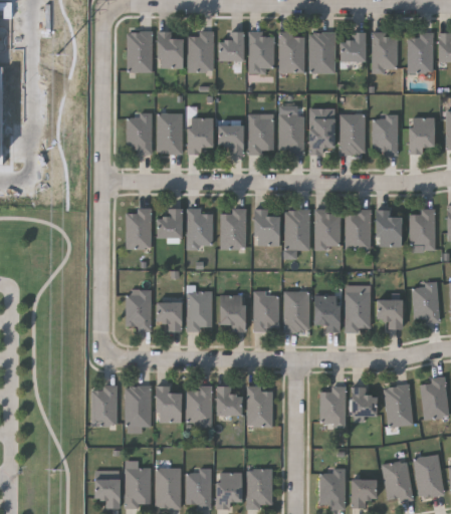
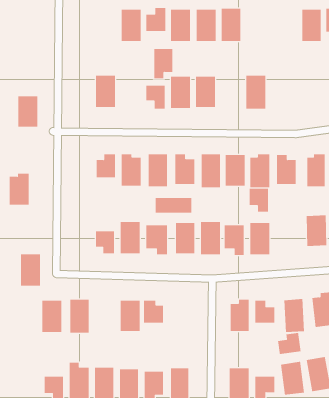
building: [127,31,152,72] -> none
building: [158,31,182,68] -> none
building: [342,33,365,61] -> none
building: [373,33,397,72] -> none
building: [127,113,152,152] -> [17,96,38,127]
building: [373,115,397,155] -> none
building: [188,117,212,155] -> [153,48,173,79]
building: [309,117,333,155] -> none
building: [408,117,433,154] -> none
building: [127,209,152,248] -> [9,173,30,205]
building: none -> [155,197,192,214]
building: [127,291,152,330] -> [20,254,41,286]
building: [377,299,401,328] -> [249,188,269,212]
building: [155,386,181,423] -> none
building: [248,387,272,426] -> none
building: none -> [277,332,301,355]

